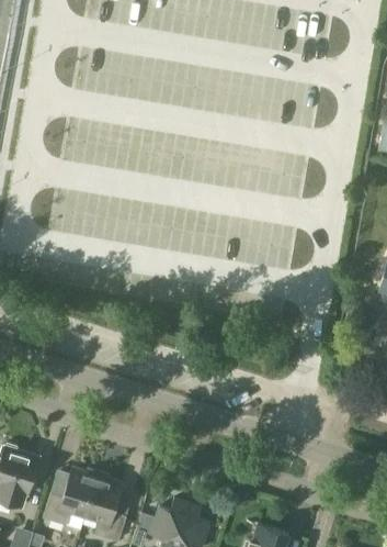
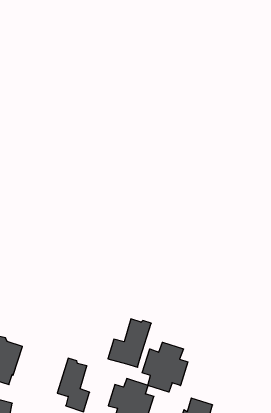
building: none -> [142,342,188,392]
building: [43,466,99,528] -> [108,319,151,367]

